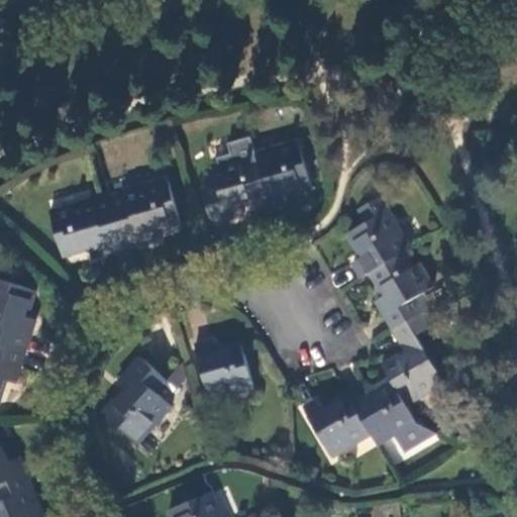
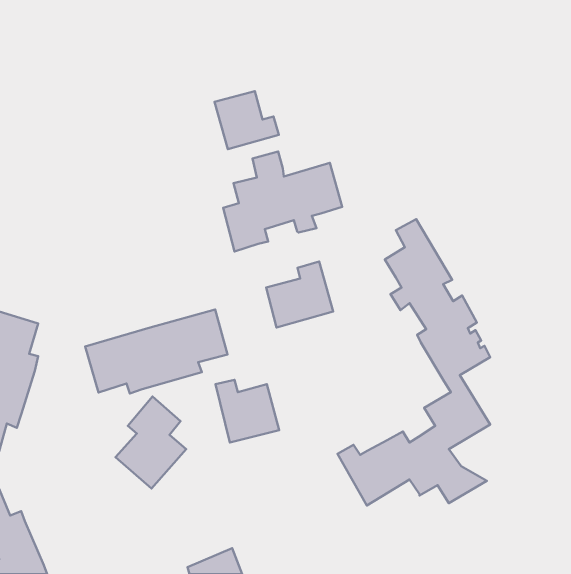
building: none -> [214,91,279,149]
building: [51,184,180,260] -> [85,309,227,394]
building: none -> [266,261,333,327]

